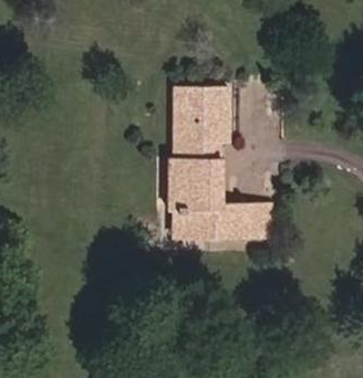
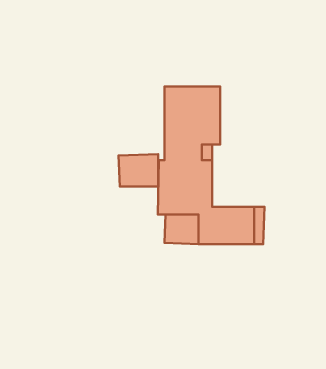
building: none -> [118,154,158,187]

